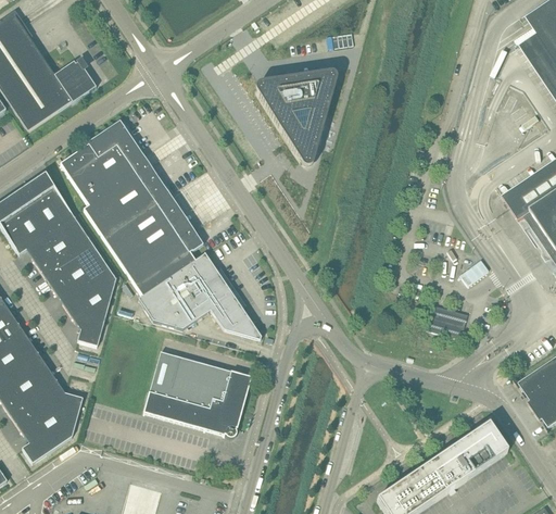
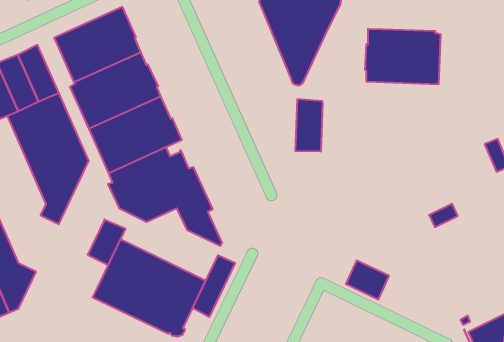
building: none -> [365,29,440,84]
building: none -> [295,99,323,152]
building: [426,303,467,338] -> [346,260,389,299]
building: none -> [88,219,125,265]
building: none -> [193,255,235,317]

